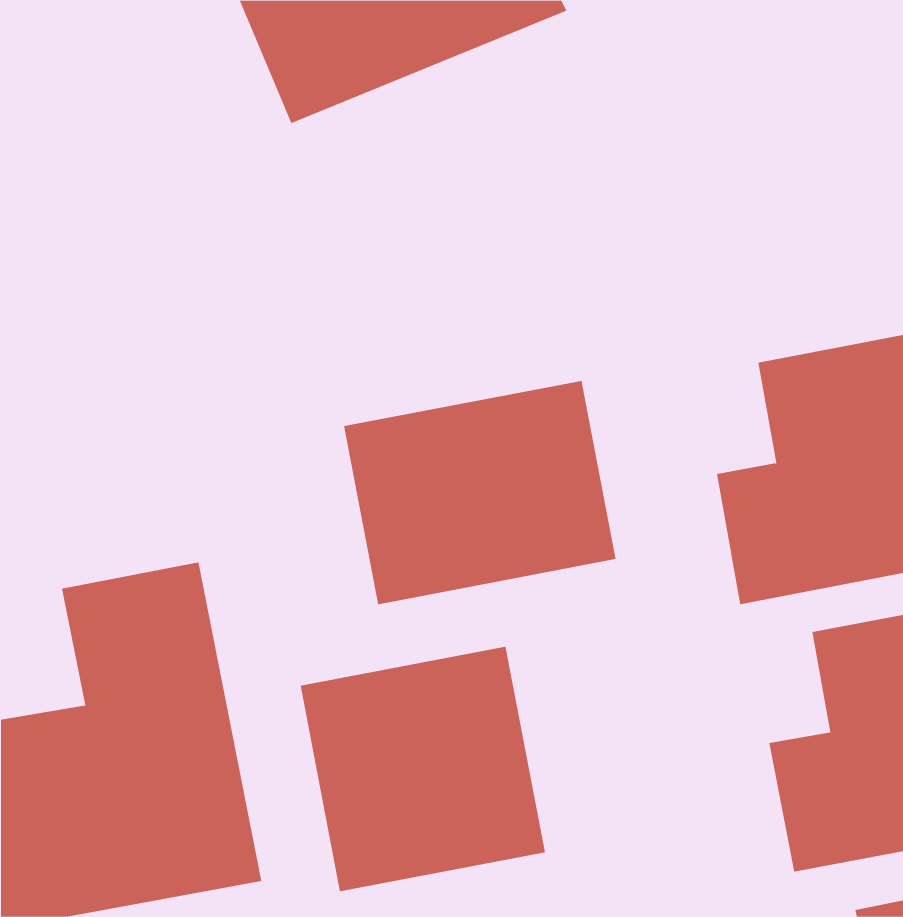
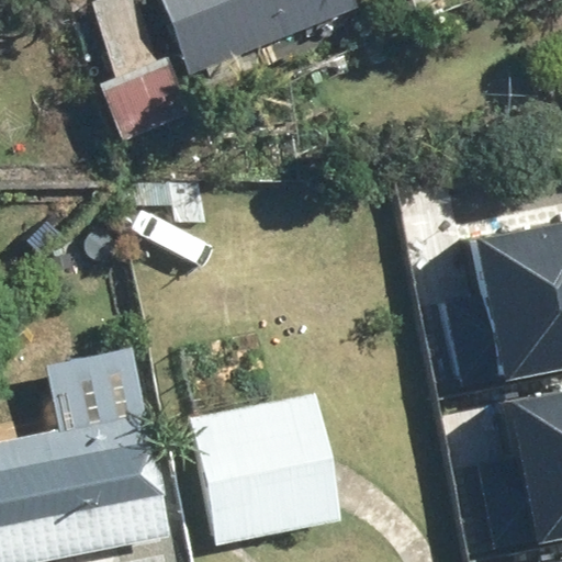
building: none -> [82,12,191,139]
building: [344,380,616,605] -> none

